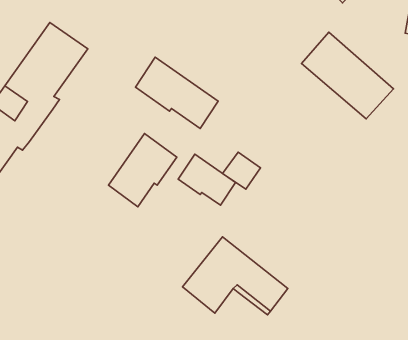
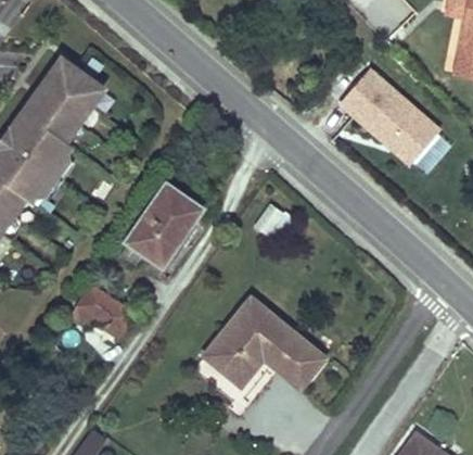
building: [135,57,218,128] -> none
building: [178,154,235,205] -> none
building: none -> [74,287,133,333]

